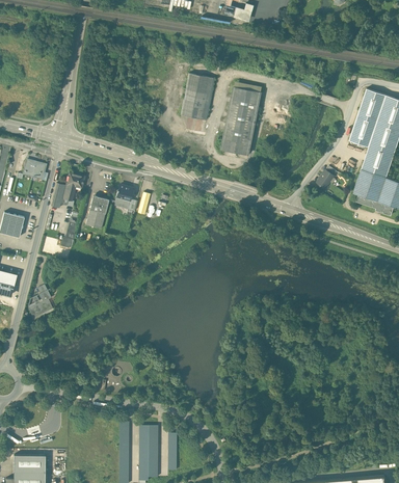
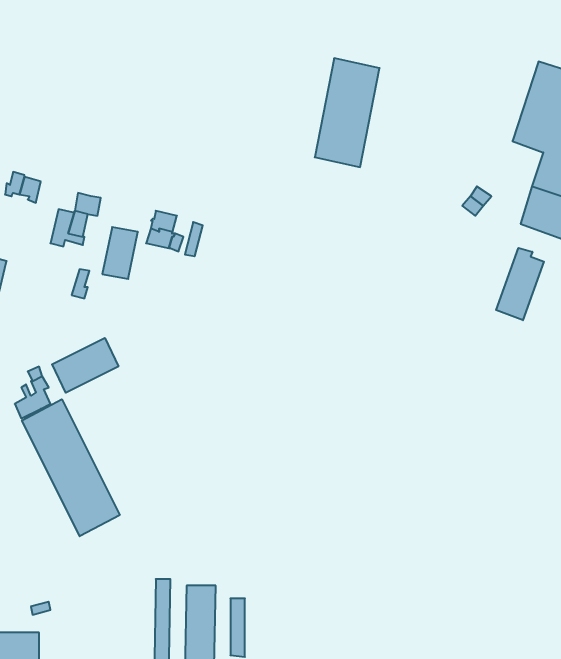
building: [182,73,215,119] -> none
building: none -> [496,248,544,320]
building: none -> [52,338,118,393]
building: none -> [22,399,120,536]

